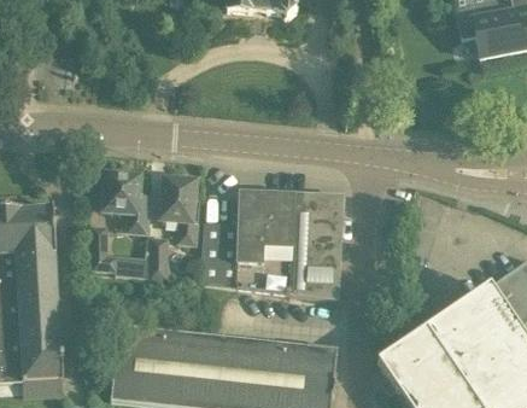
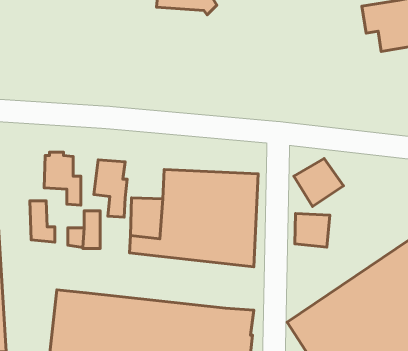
building: none -> [294,158,343,207]
building: none -> [295,213,330,247]

